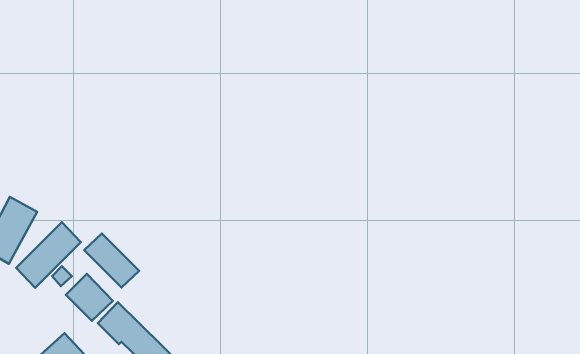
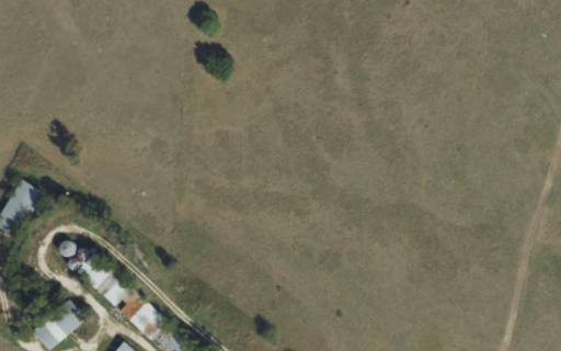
building: [16,222,81,288] -> none
building: [84,234,139,288] -> none

